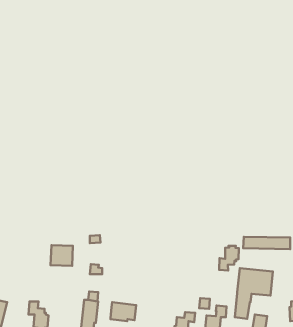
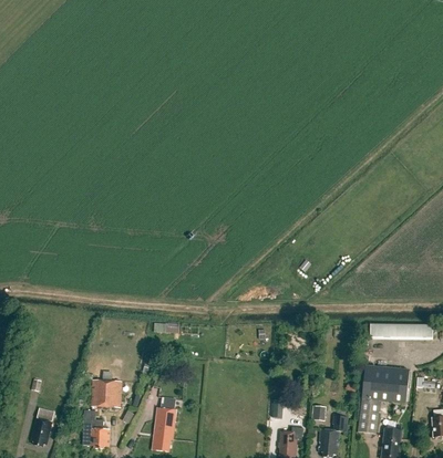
building: [51,245,73,266] -> [91,379,121,407]
building: [219,246,239,271] -> none
building: [110,302,136,321] -> none

